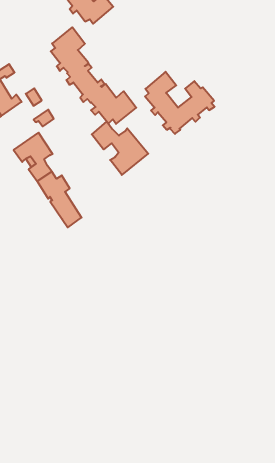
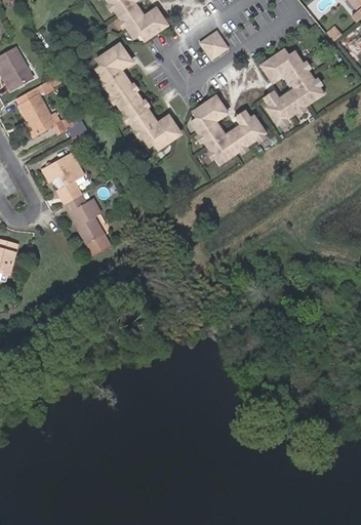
building: none -> [199,32,226,58]
building: none -> [262,49,322,125]
building: [92,122,148,175] -> none

